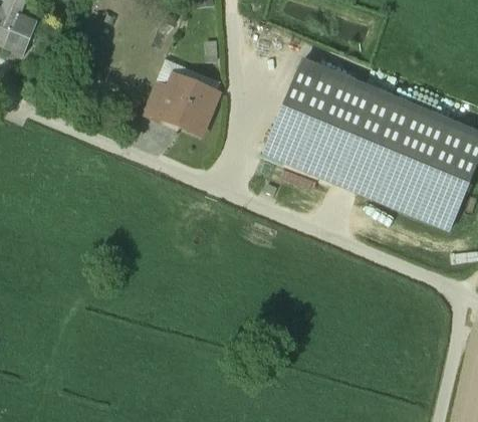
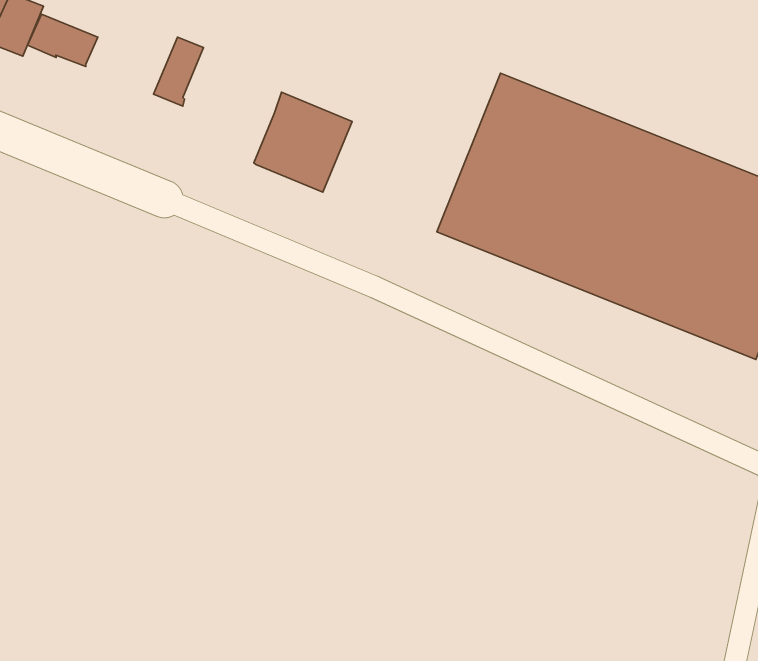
building: none -> [27,14,98,66]
building: [142,79,171,120] -> [153,37,203,106]

